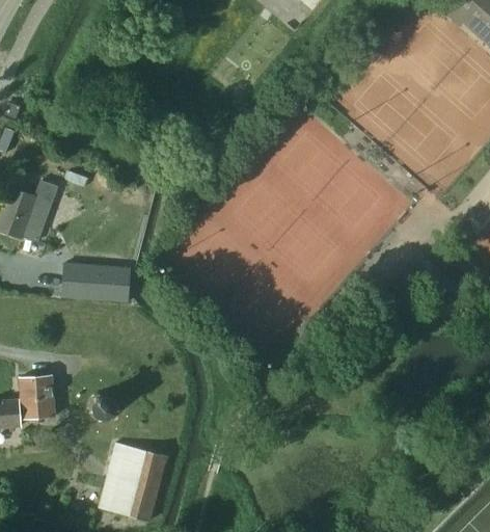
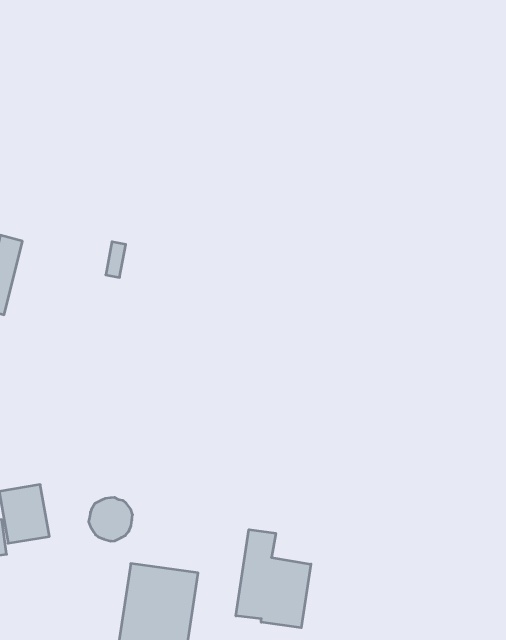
building: [62,264,130,301] -> none
building: none -> [236,530,311,628]

